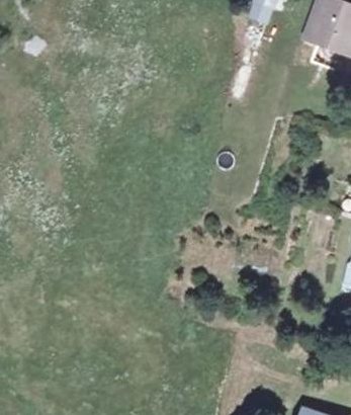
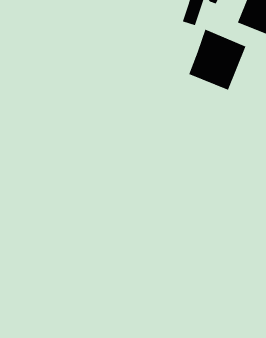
building: none -> [188,29,246,91]

